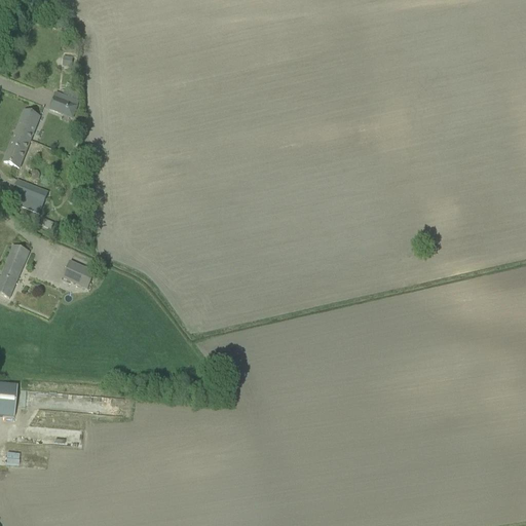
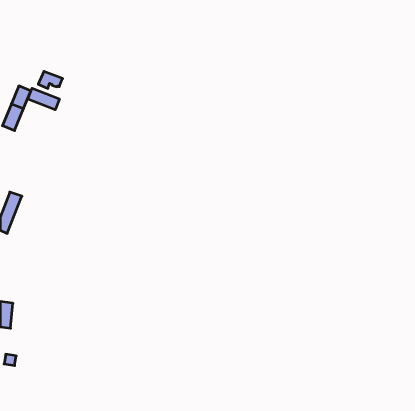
building: none -> [28,88,59,110]
building: [10,177,47,211] -> none
building: [62,259,95,288] -> none

